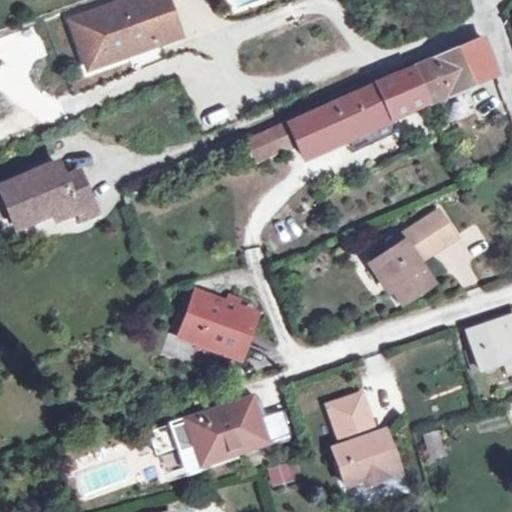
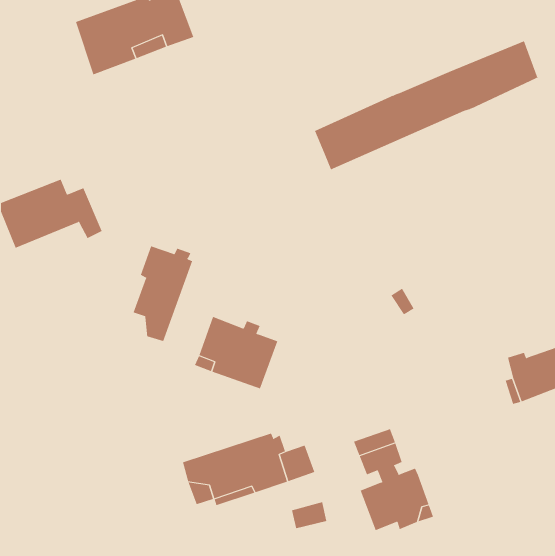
building: [247,120,299,160] -> none
building: [375,210,456,303] -> none
building: none -> [133,245,193,342]

